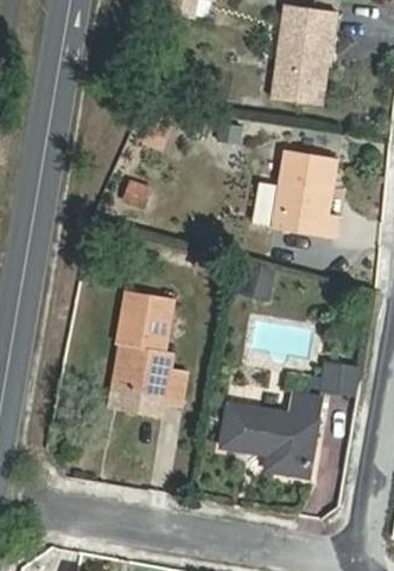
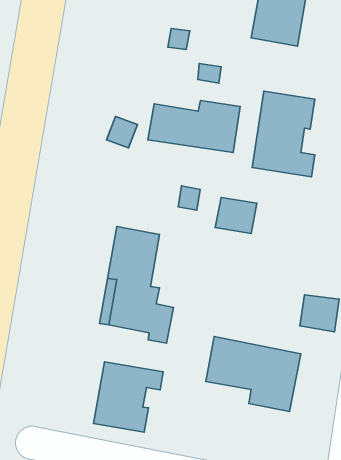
building: none -> [148,100,240,153]
building: none -> [94,362,163,432]

